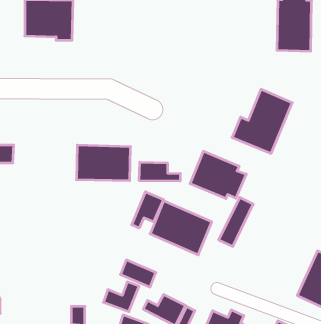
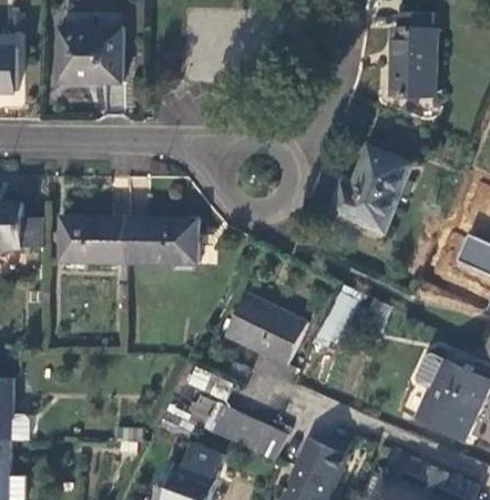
building: none -> [61,217,129,264]
building: [190,151,246,199] -> none
building: [139,162,180,181] -> none
building: [132,192,163,228] -> none

